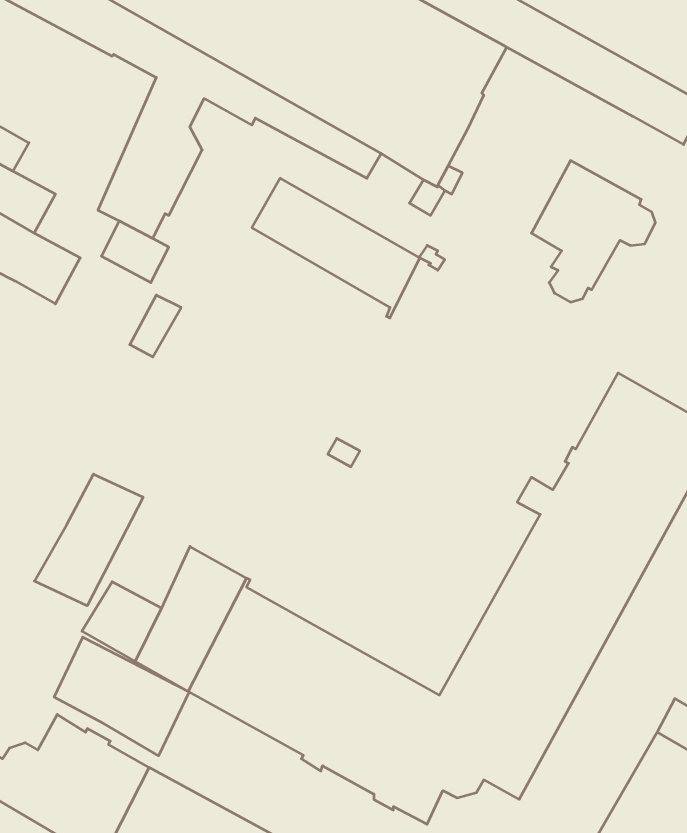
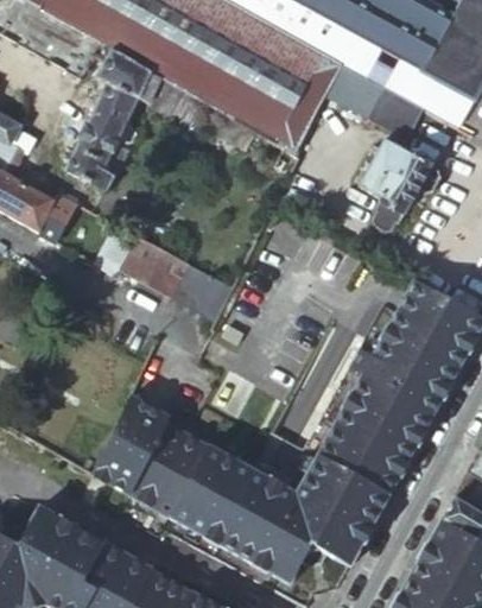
building: none -> [316,61,426,137]
building: [252,178,420,318] -> [119,235,232,329]
building: [34,474,143,606] -> none
building: [54,637,189,756] -> none

